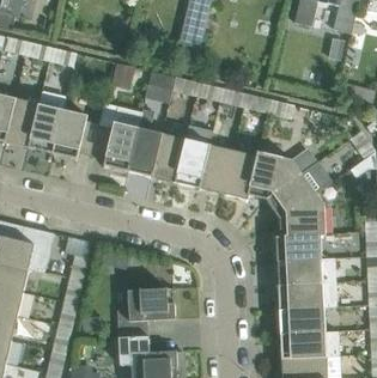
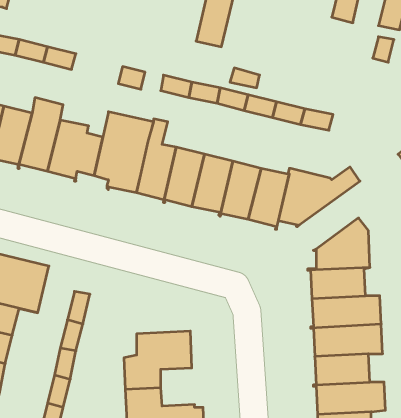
building: [264,161,333,220] -> none

